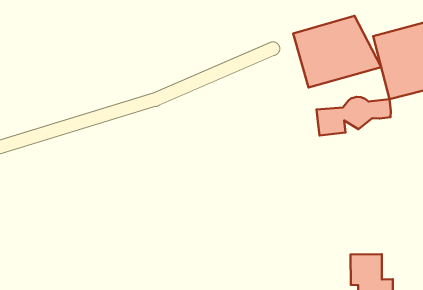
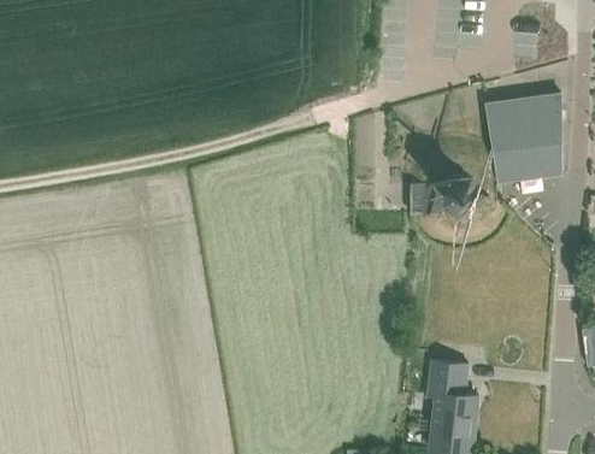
building: [293,16,381,87] -> none

